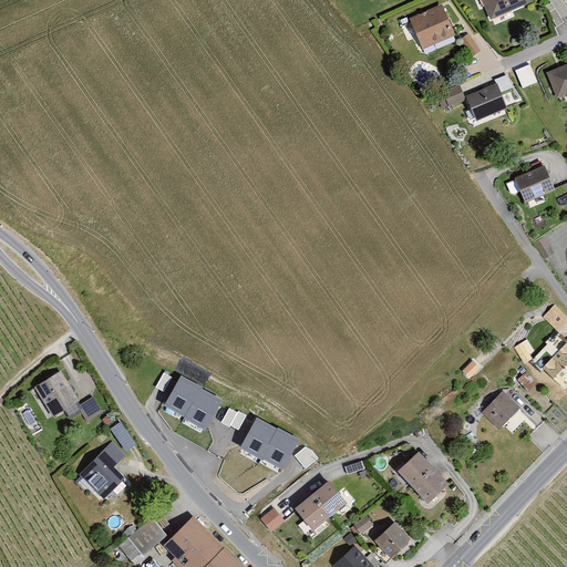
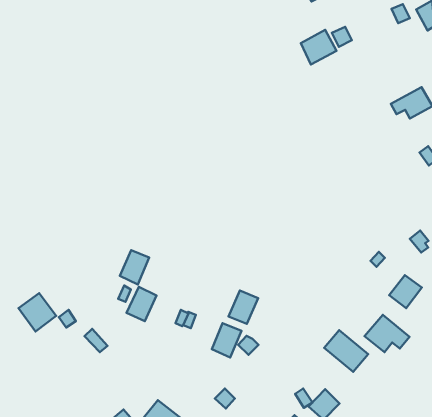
building: [466,81,508,121] -> [301,30,336,64]
building: [185,389,223,431] -> [120,250,149,284]
building: [240,417,278,458] -> [229,291,258,324]
building: none -> [365,315,410,352]
building: [79,443,126,501] -> none
building: [293,477,346,527] -> none

